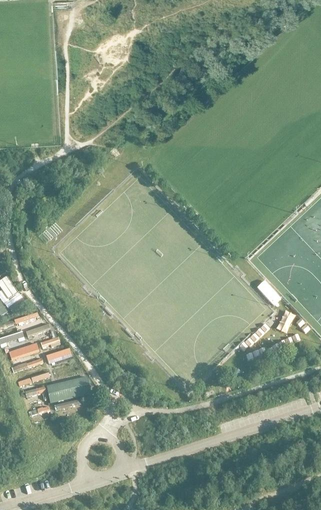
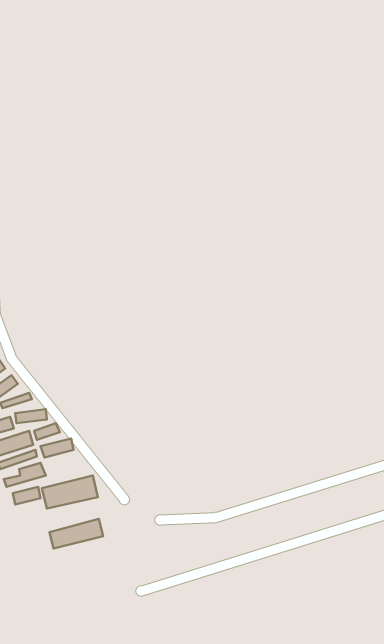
building: none -> [50,519,103,549]

